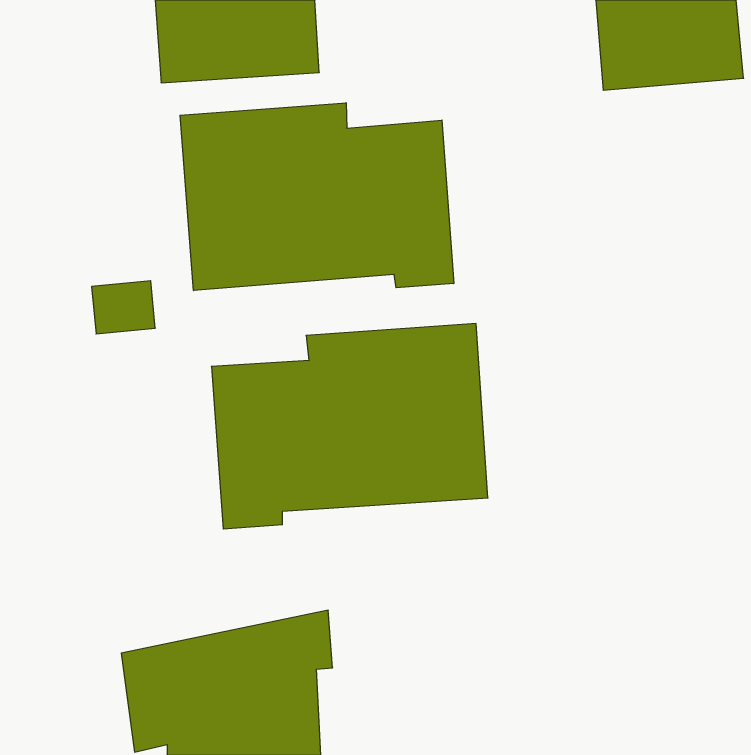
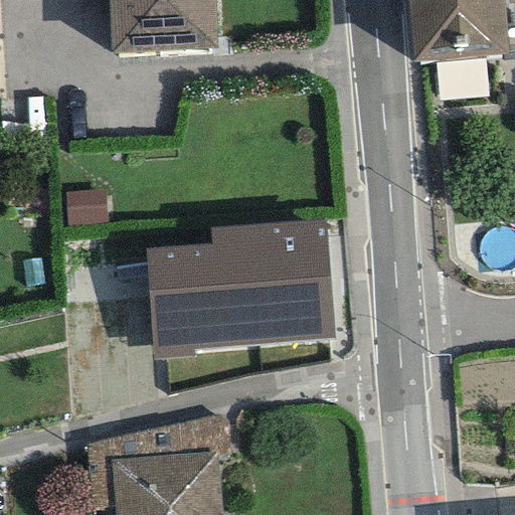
building: [180,103,454,291] -> none

